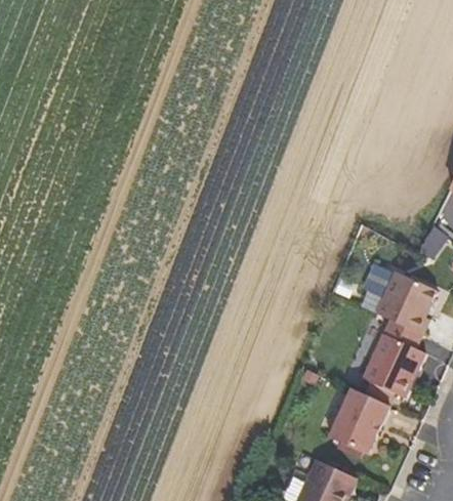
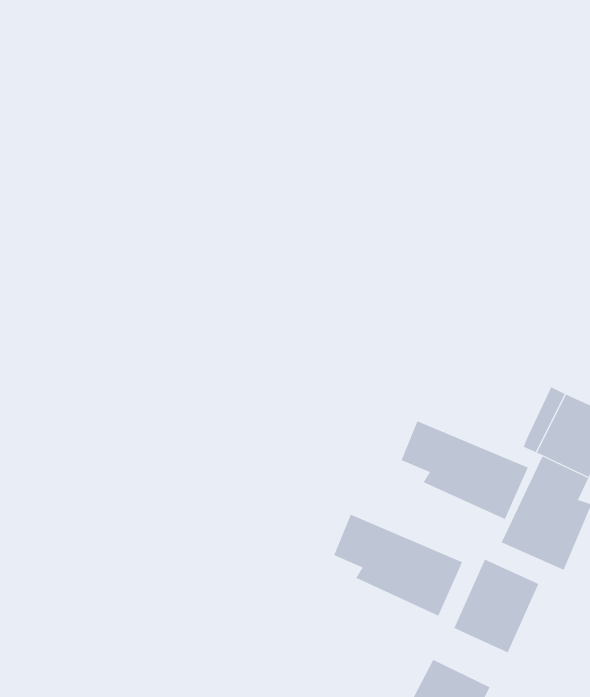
building: none -> [401,420,528,520]
building: none -> [333,514,463,616]

